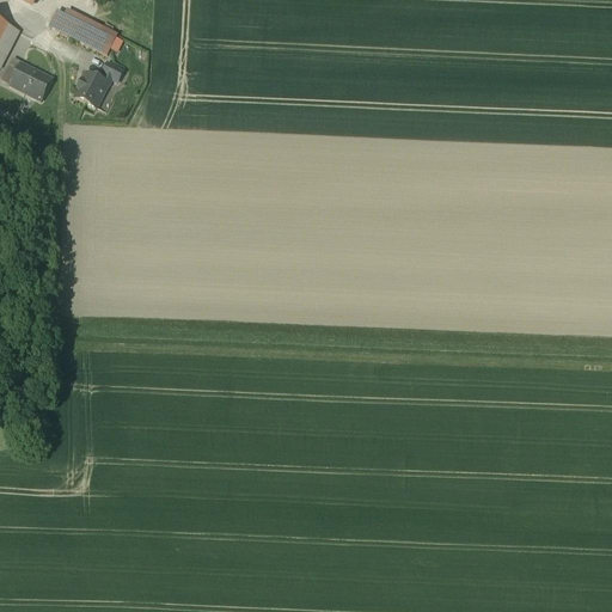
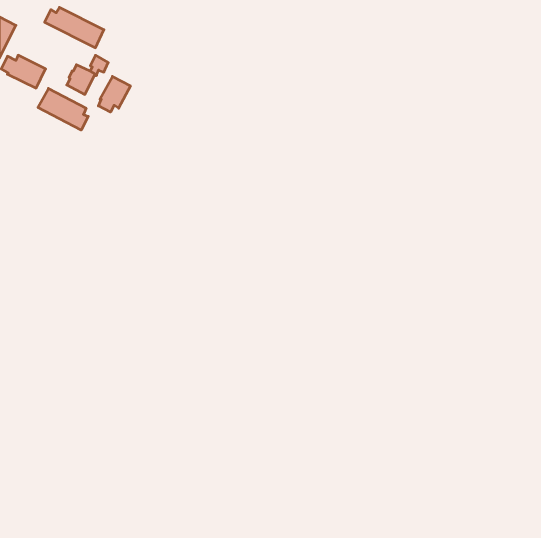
building: none -> [98,76,130,112]
building: none -> [38,88,88,130]

